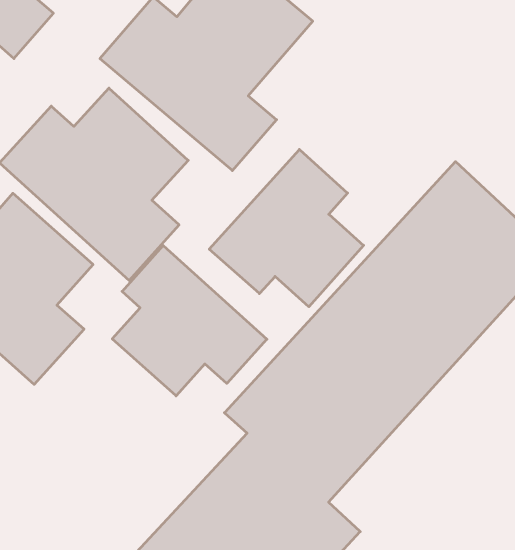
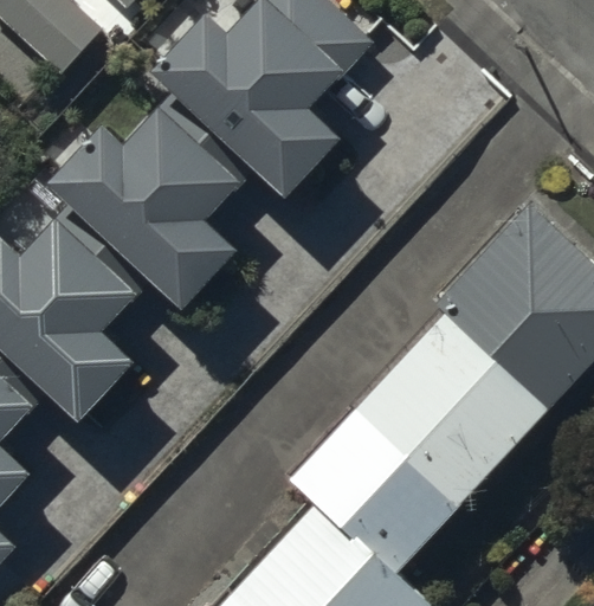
building: [209,149,364,307] -> none
building: [112,245,267,396] -> none

